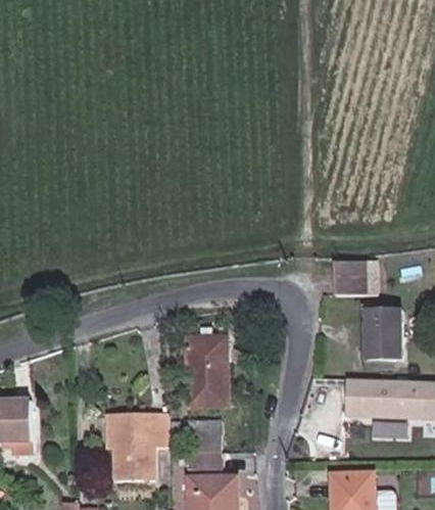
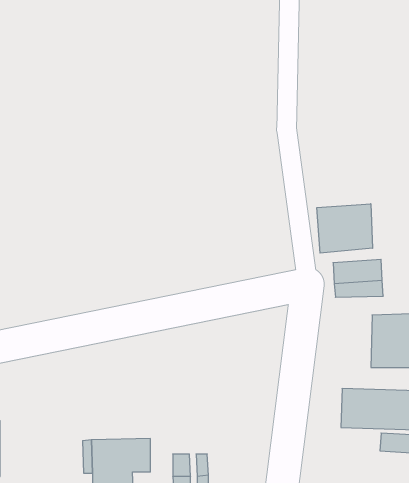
building: none -> [317,204,373,253]
building: [187,328,226,408] -> none

